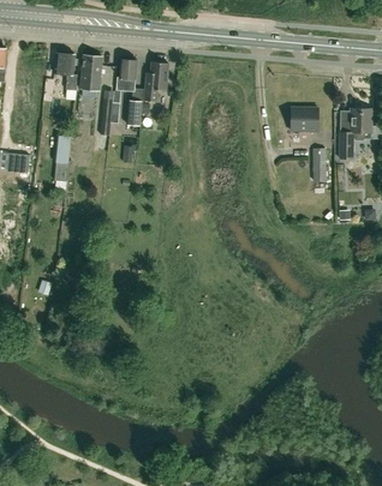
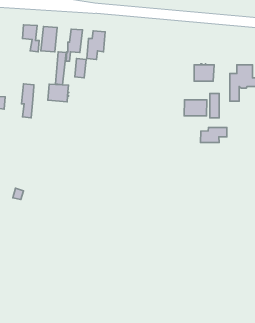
building: none -> [48,84,69,102]
building: none -> [184,100,207,116]
building: none -> [201,128,227,143]

